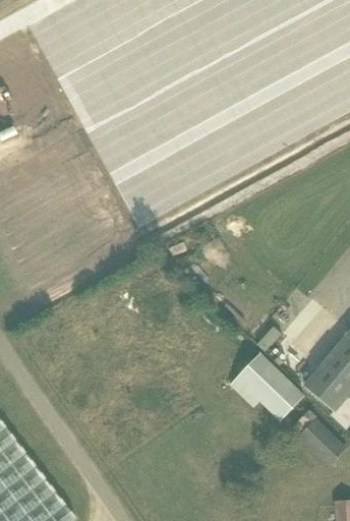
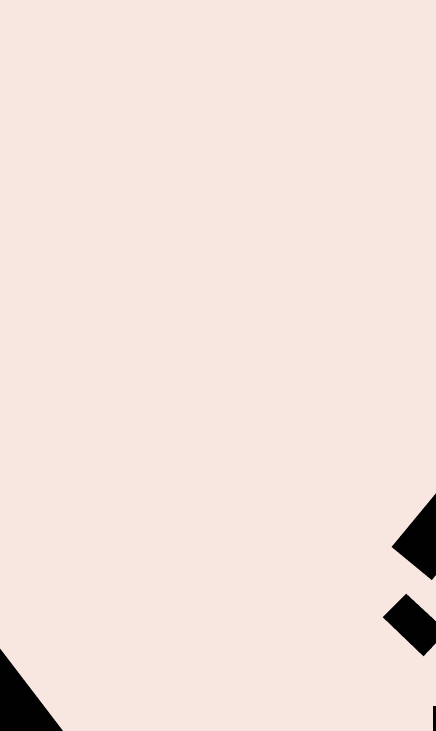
building: [237,355,306,423] -> none

